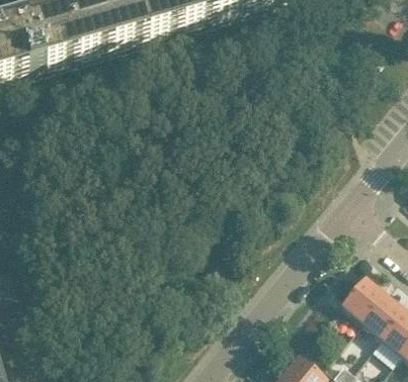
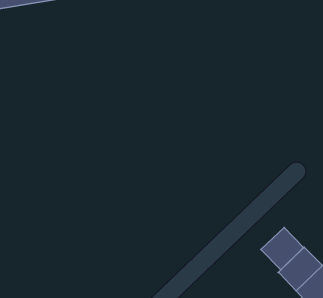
building: none -> [261,227,304,270]

